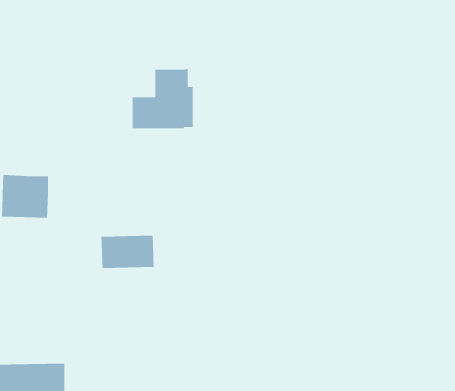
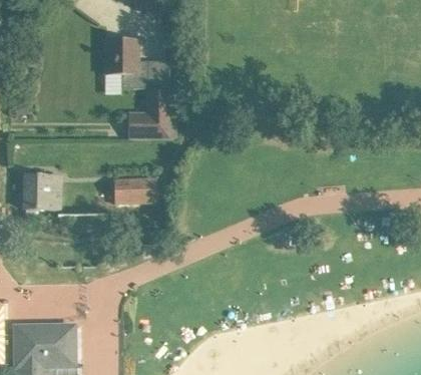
building: none -> [106,39,148,86]
building: [101,235,155,269] -> [115,174,158,202]

